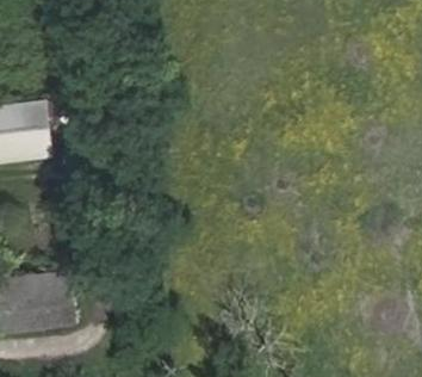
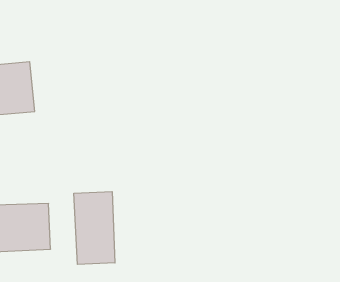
building: none -> [74,192,115,264]

